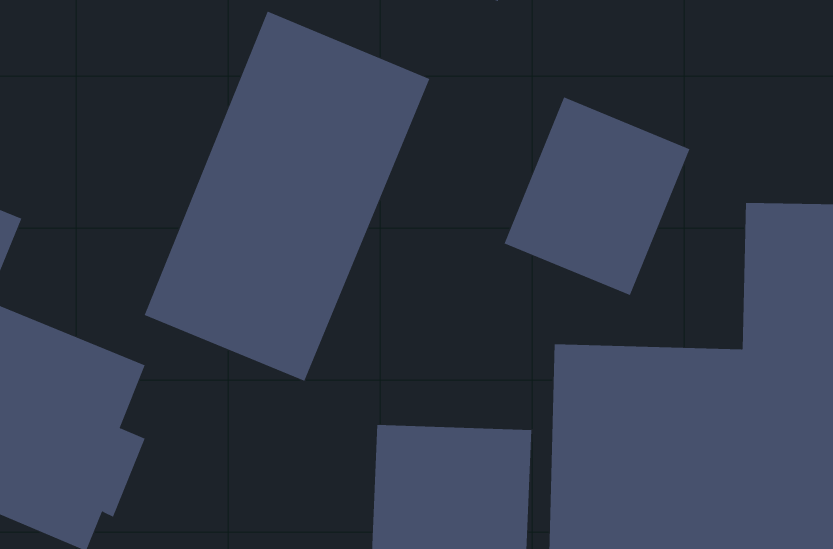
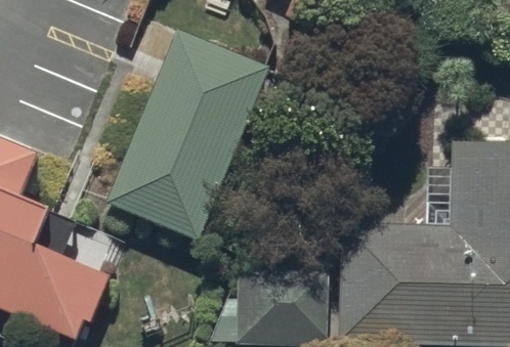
building: [504,96,690,296] -> none

